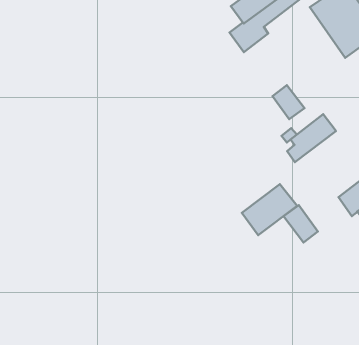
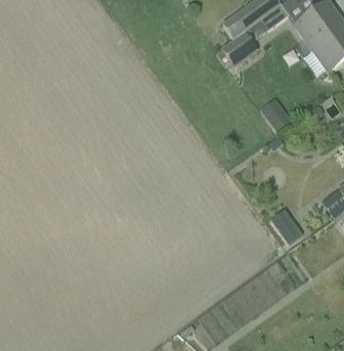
building: [287,114,336,162] -> none
building: [242,184,297,235] -> none

